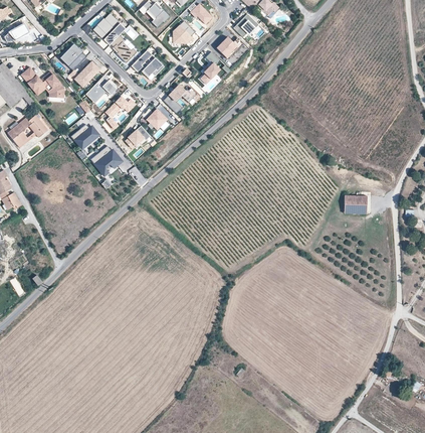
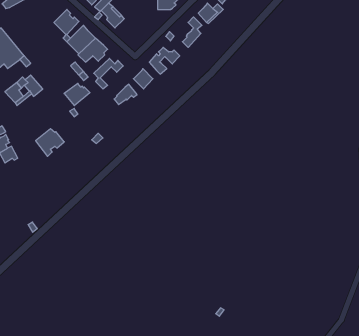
building: [132,49,165,78] -> none
building: [22,68,65,99] -> none
building: [91,146,123,176] -> [36,129,64,156]
building: [345,196,367,213] -> none

